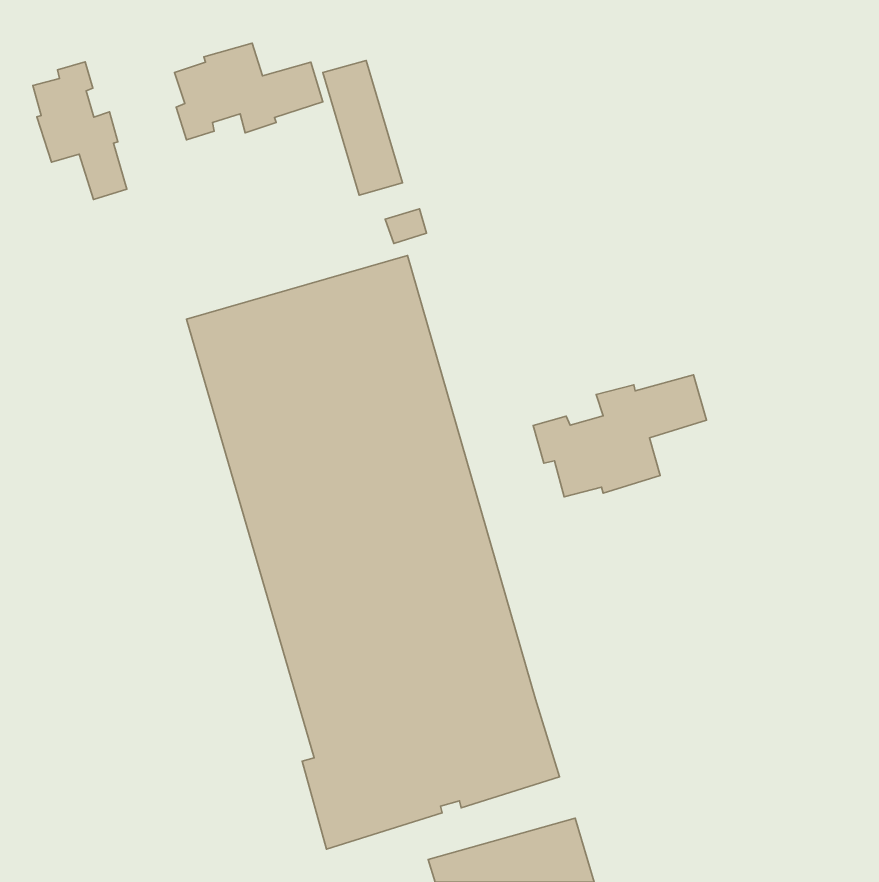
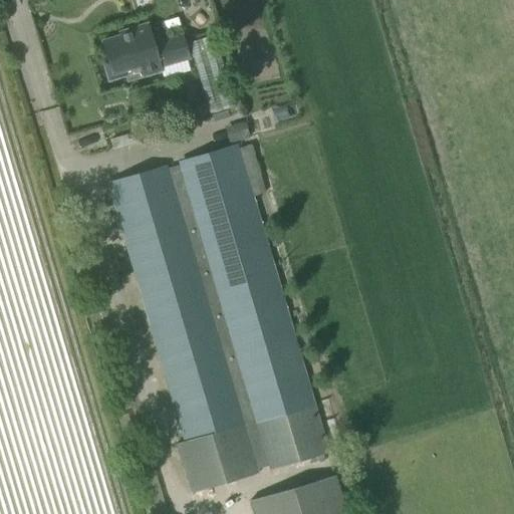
building: [33,62,127,199] -> none
building: [533,375,707,497] -> none

